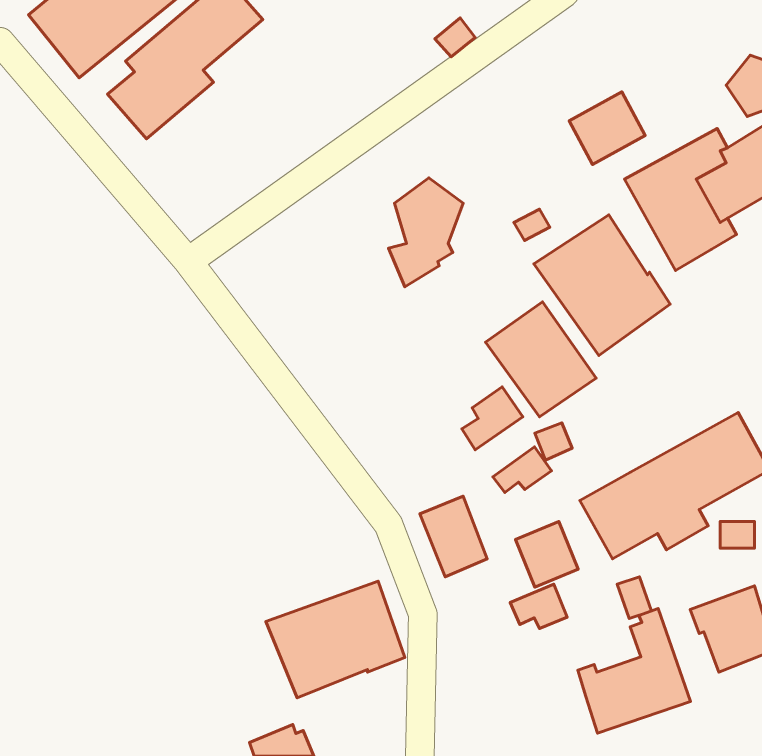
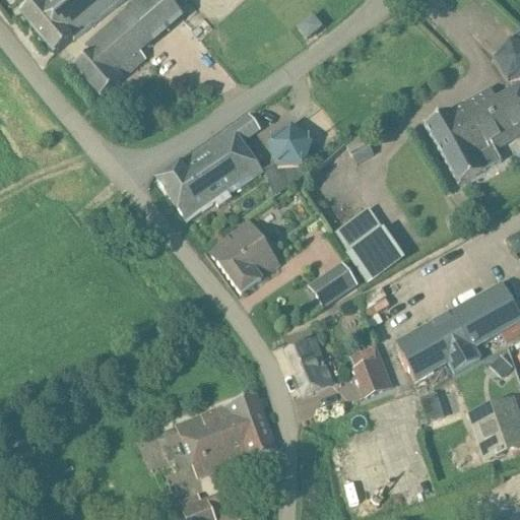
building: [569,92,645,164] -> none
building: none -> [156,112,263,218]
building: [534,215,670,355] -> none
building: none -> [211,221,279,291]
building: [493,447,551,493] -> none
building: [510,584,567,628] -> none
building: [578,609,691,733] -> none

